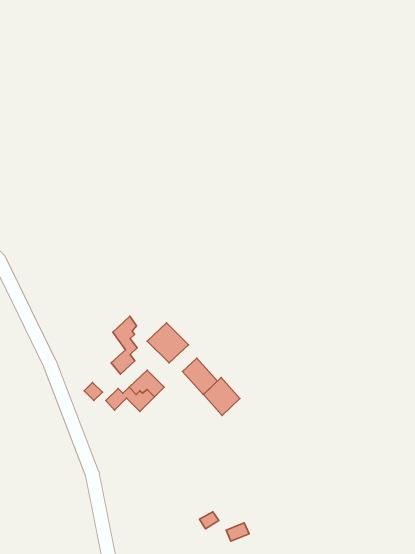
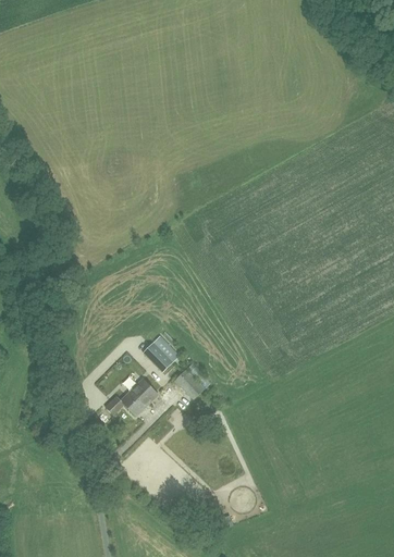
building: [111,316,137,374] -> none
building: [203,378,240,415] -> none

